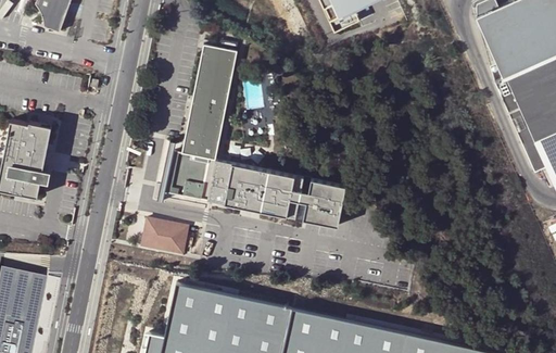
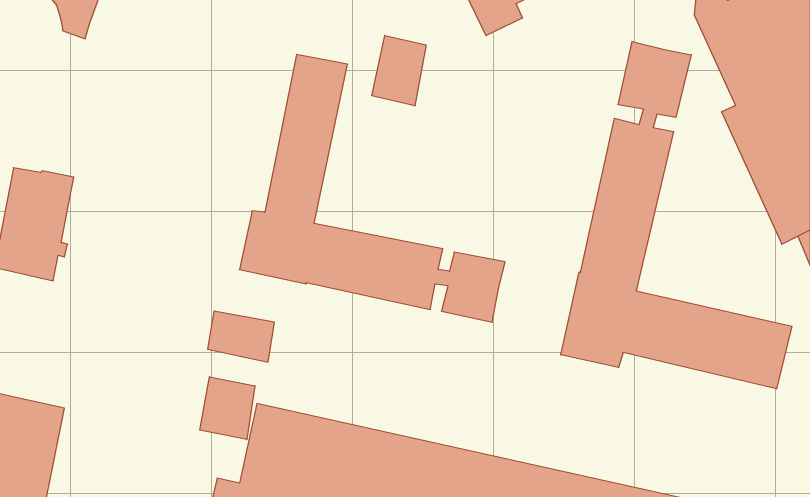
building: none -> [372,35,426,106]
building: none -> [561,41,792,389]
building: none -> [200,377,255,440]

